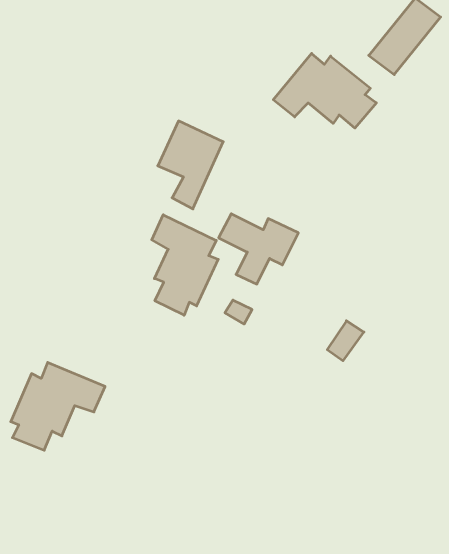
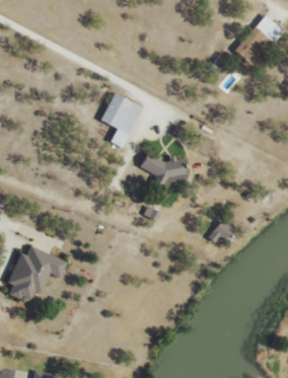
building: [273,53,376,128] -> none
building: [152,215,218,315] -> none

